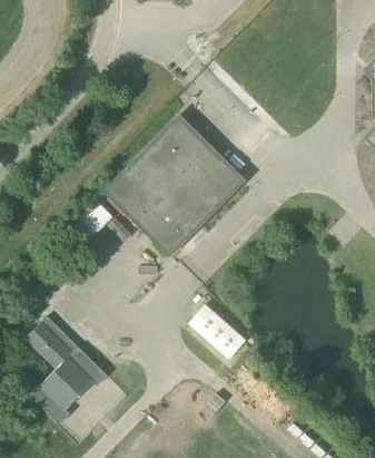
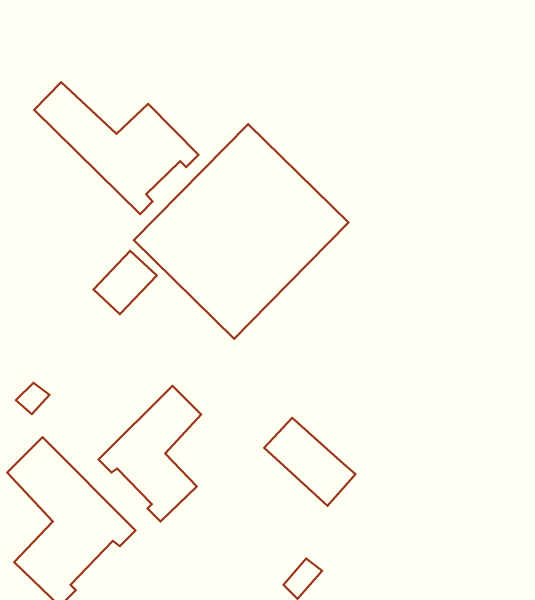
building: none -> [34,82,198,214]
building: none -> [99,386,201,521]

